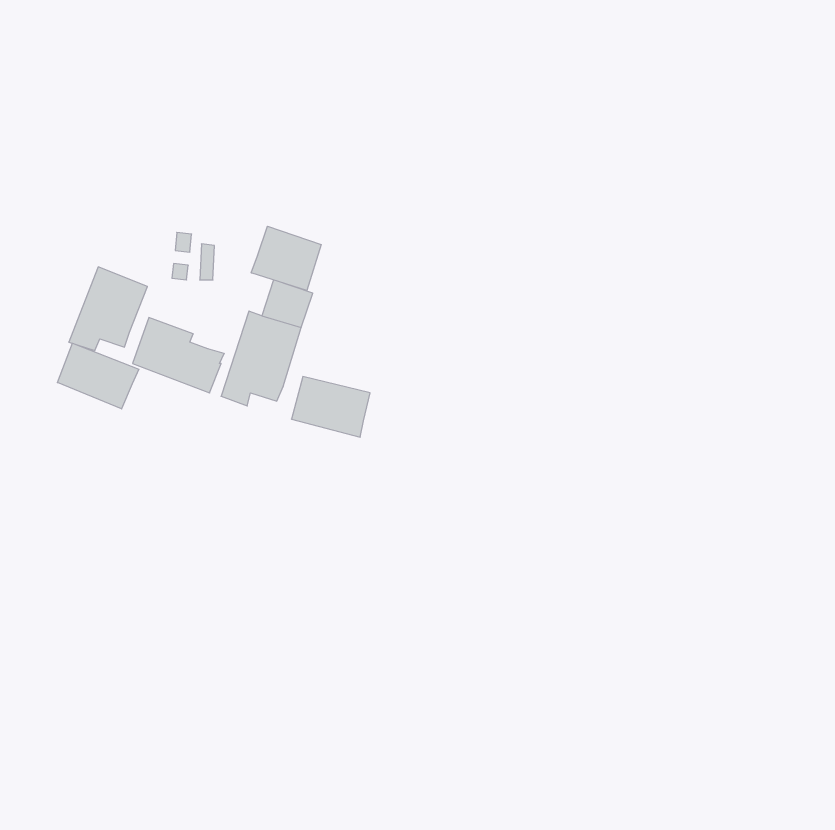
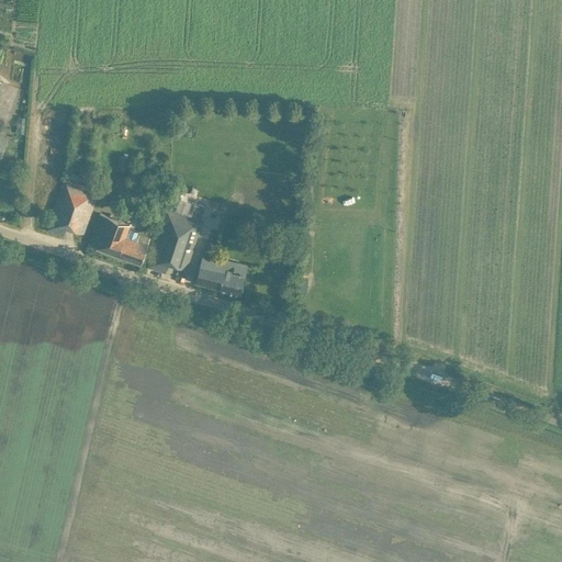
building: [251,226,321,291] -> none
building: [57,343,139,409] -> none

